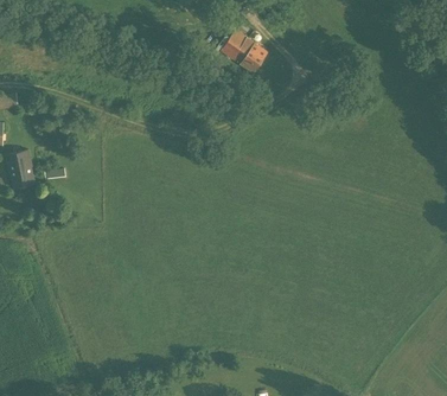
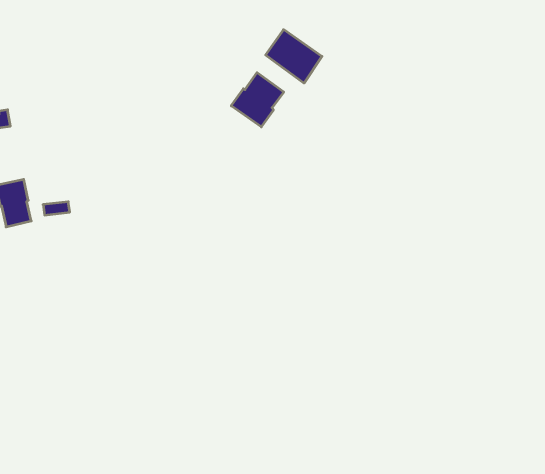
building: none -> [231,73,284,127]

